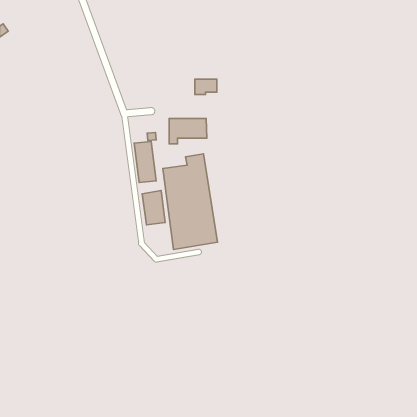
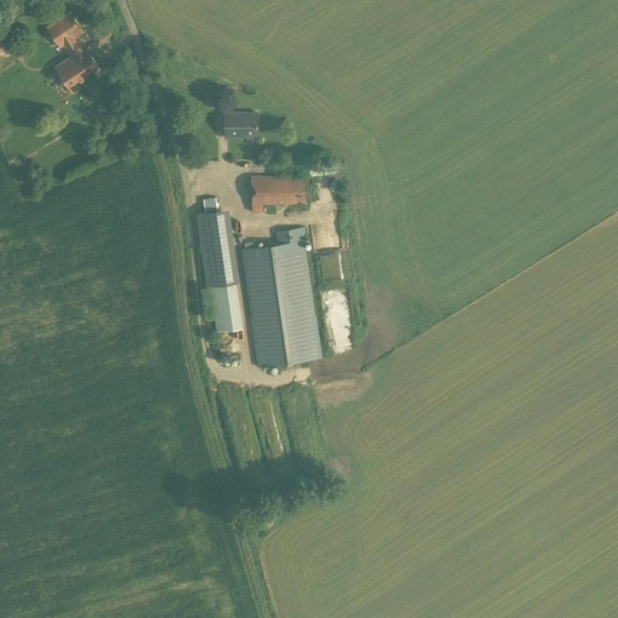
building: none -> [46,13,101,94]
building: [195,79,217,95] -> [223,115,256,138]

